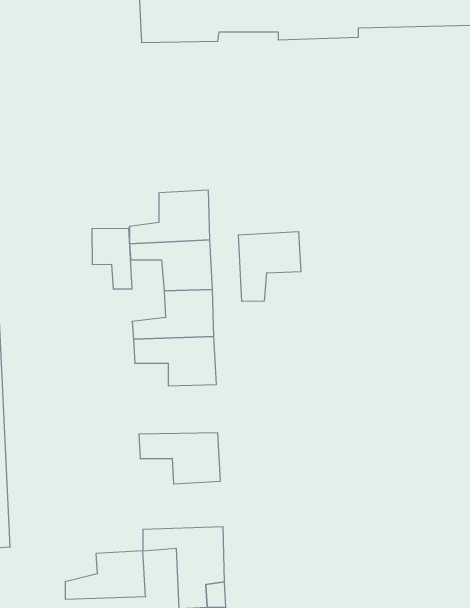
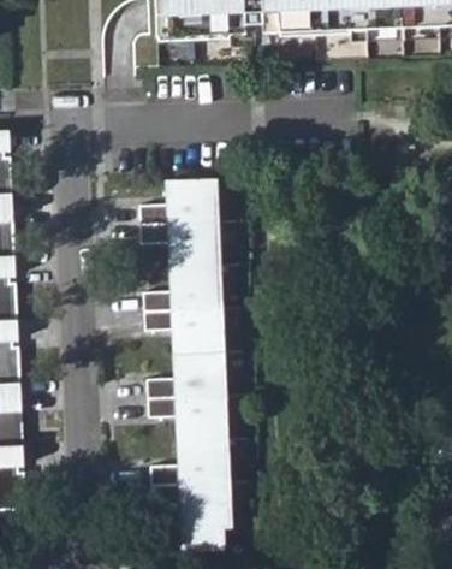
building: [92,228,132,289] -> none
building: [239,232,301,302] -> none
building: none -> [144,352,216,397]
building: [65,551,146,599] -> [149,439,221,482]

